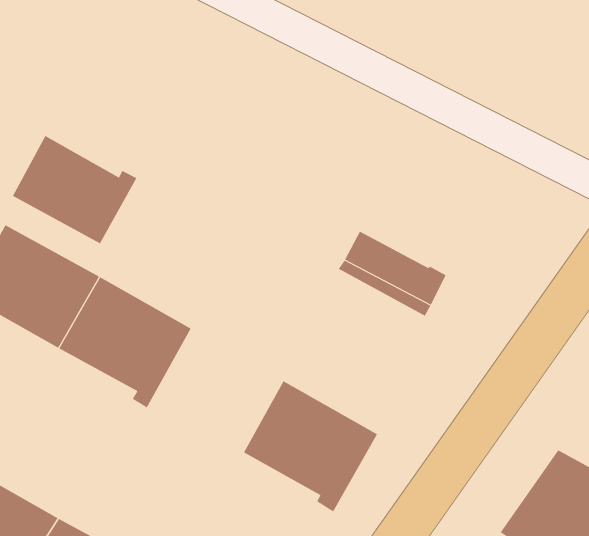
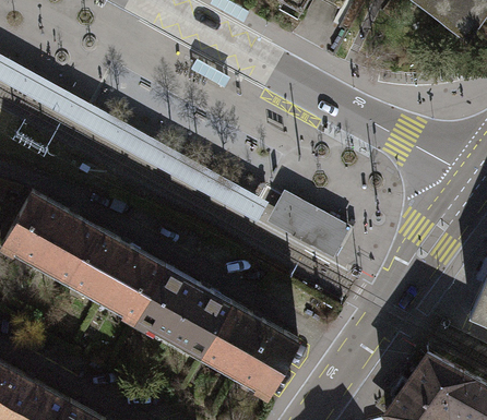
building: [12,135,137,244] -> none
building: none -> [133,267,230,356]

